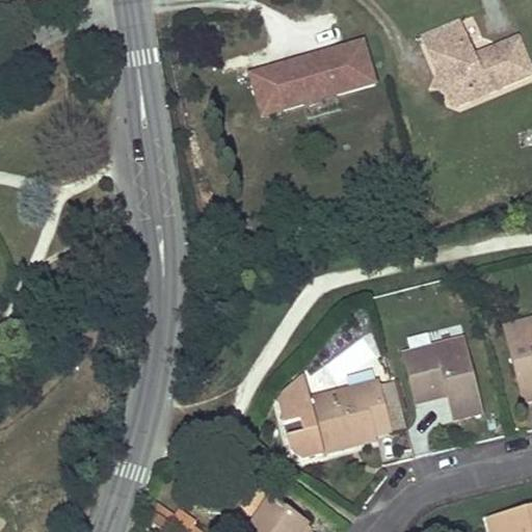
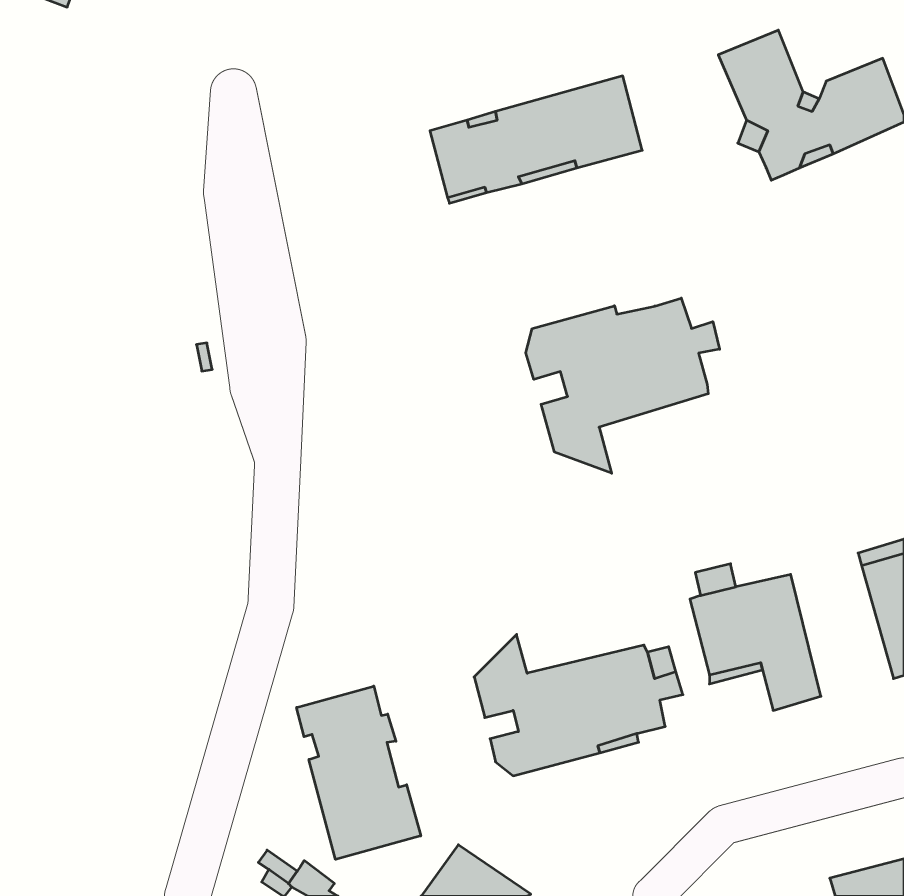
building: none -> [526,298,720,473]
building: none -> [297,686,421,859]

